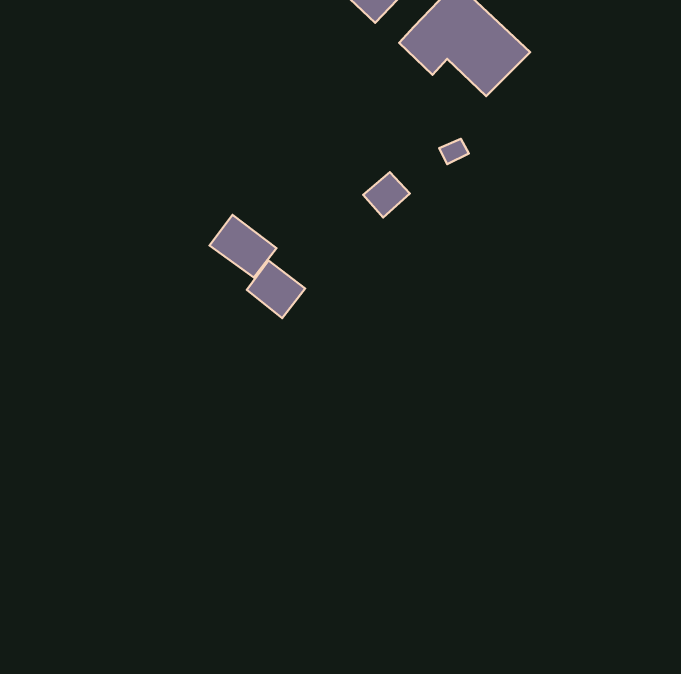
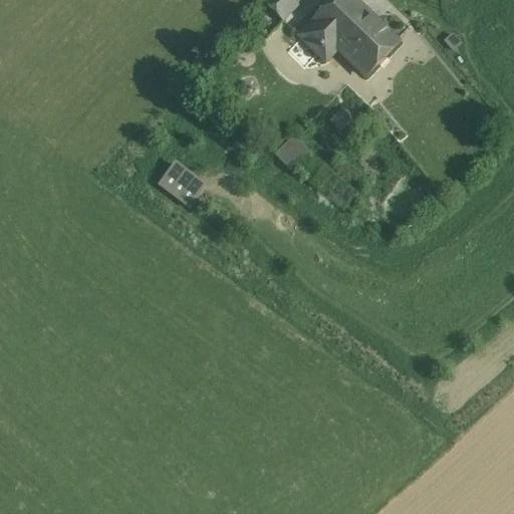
building: [247,261,305,318] -> none

